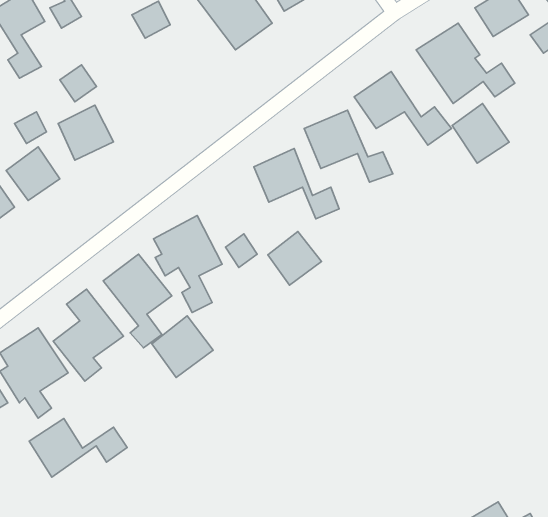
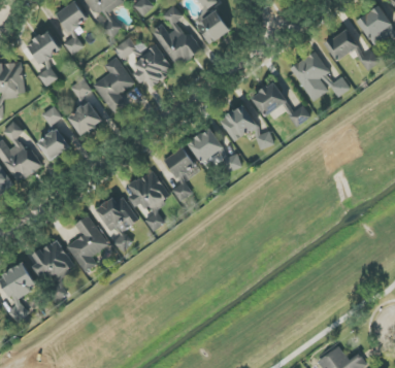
building: none -> [132,45,172,87]
building: none -> [93,57,133,112]
building: [452,103,509,163] -> none
building: [268,231,321,285] -> [163,146,196,179]
building: [152,316,213,377] -> none
building: [29,418,127,477] -> none

